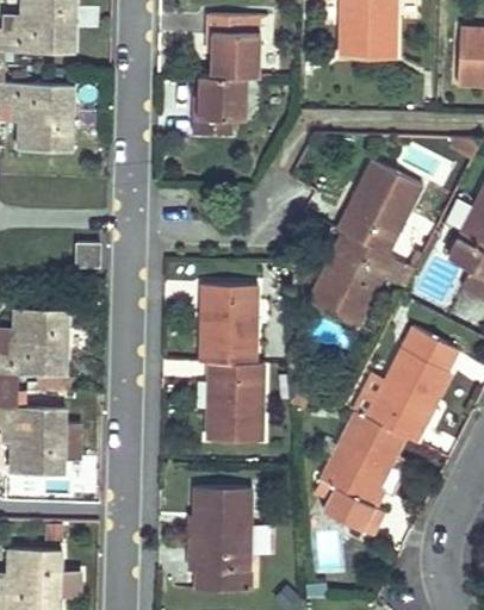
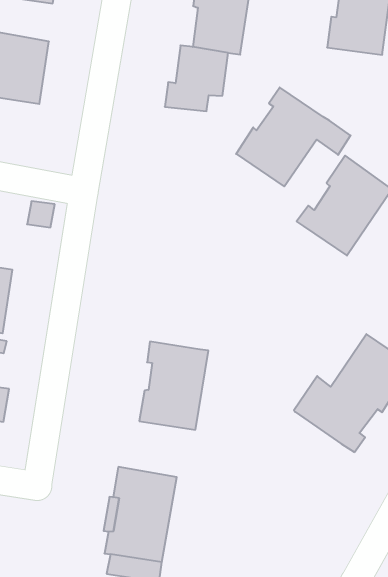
building: [308,232,415,326] -> [236,87,351,186]
building: [201,285,259,363] -> none
building: [322,411,405,536] -> none

